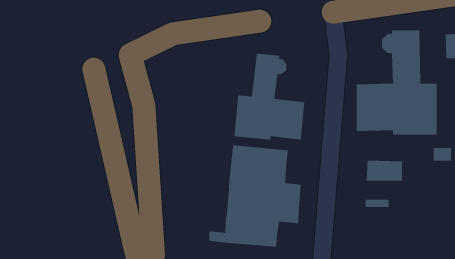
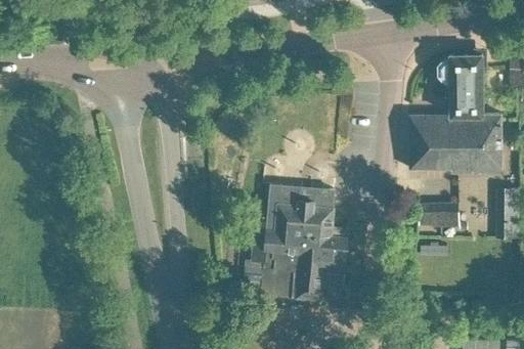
building: [234,53,305,140] -> none

